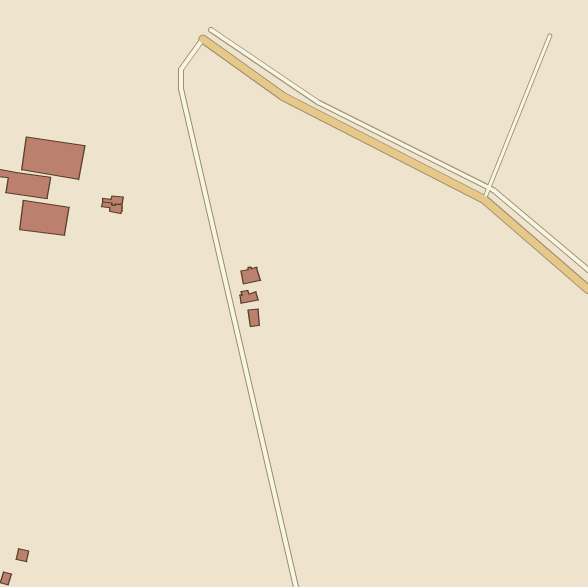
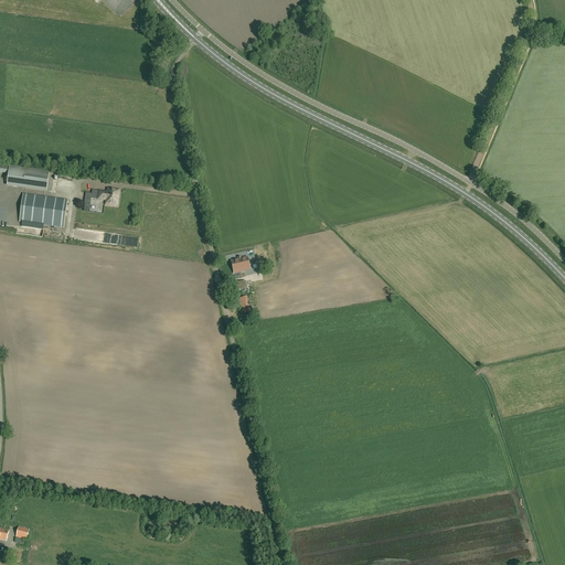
building: [22,137,85,180] -> none

